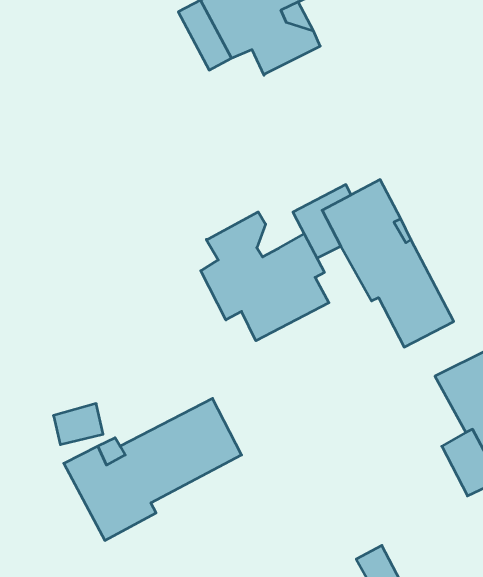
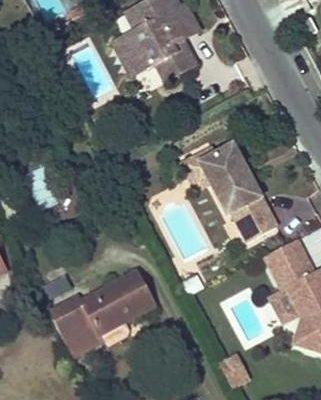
building: [201,212,329,341] -> none

